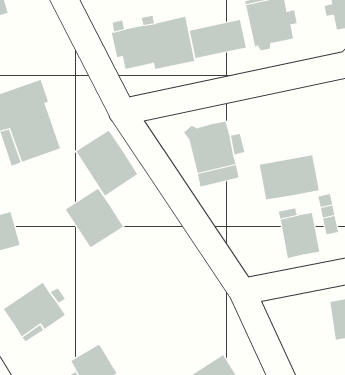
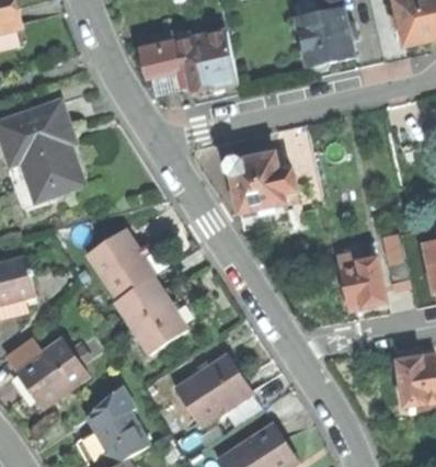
building: [189,19,246,59] -> none
building: [75,130,138,197] -> [114,276,187,354]
building: [259,155,319,200] -> none
building: none -> [174,354,253,428]
building: none -> [83,389,137,431]

